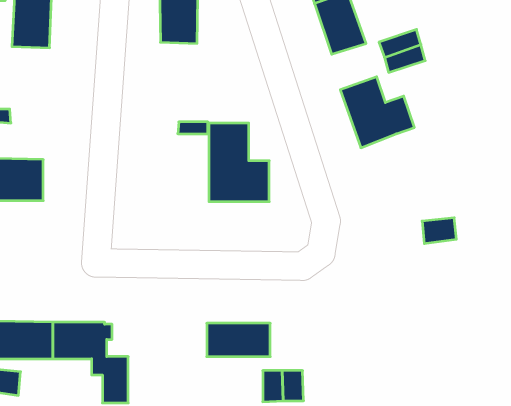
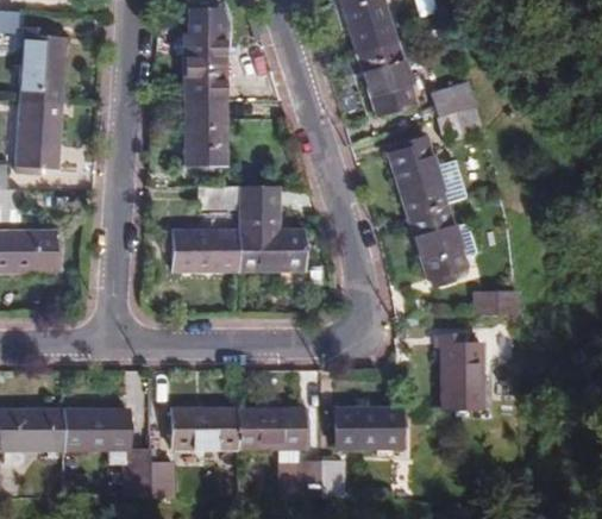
building: none -> [186,98,226,161]
building: none -> [19,102,63,171]
building: none -> [407,199,469,277]
building: none -> [173,229,239,274]
building: none -> [439,342,483,409]
building: none -> [333,407,400,451]
building: none -> [169,408,237,446]

